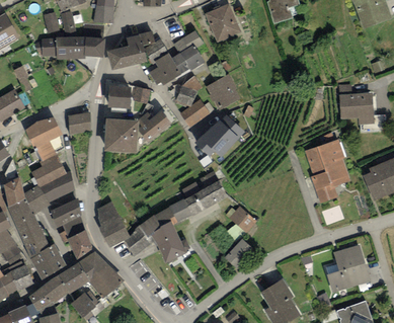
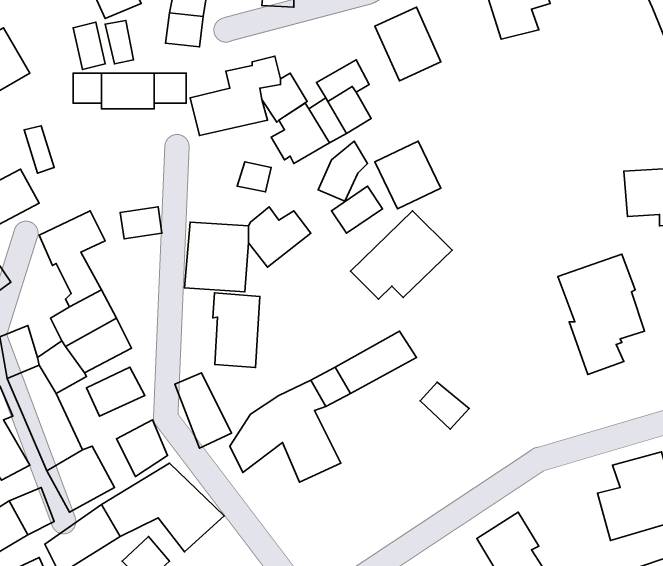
building: [107,88,131,112] -> none
building: none -> [213,293,260,367]
building: [226,236,253,264] -> none

